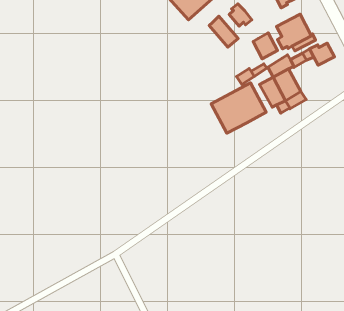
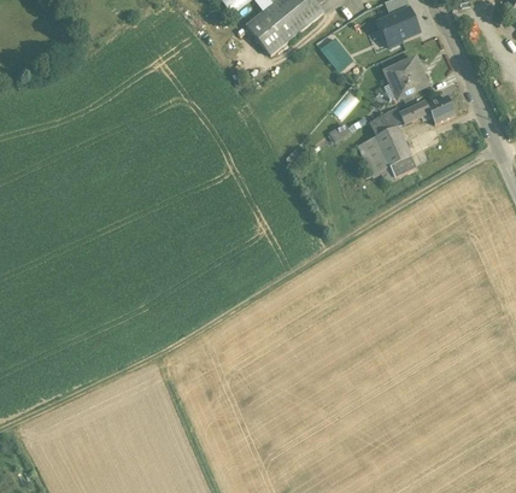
building: [209,16,238,47] -> none
building: [253,33,278,59] -> none
building: [211,83,266,133] -> none

